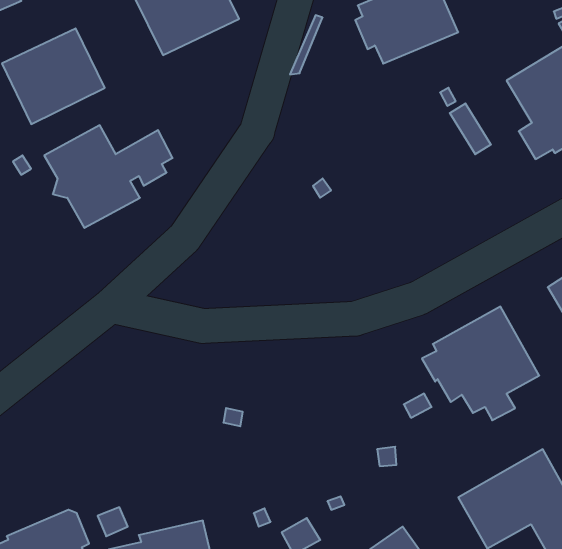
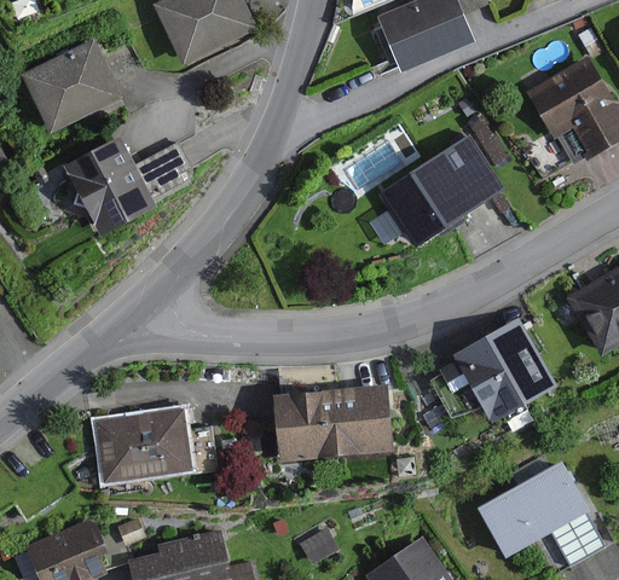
building: none -> [377,134,504,249]
building: none -> [272,383,393,462]
building: none -> [94,407,219,494]

